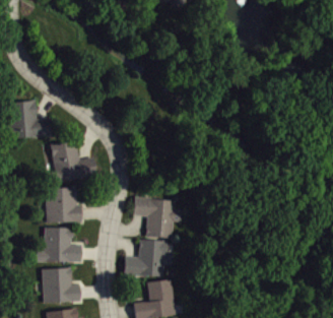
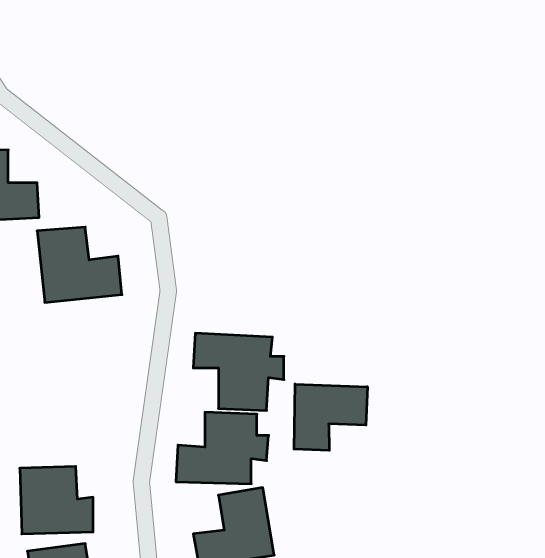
building: [45,187,81,222] -> none
building: none -> [294,384,367,450]
building: [37,227,81,262] -> none

